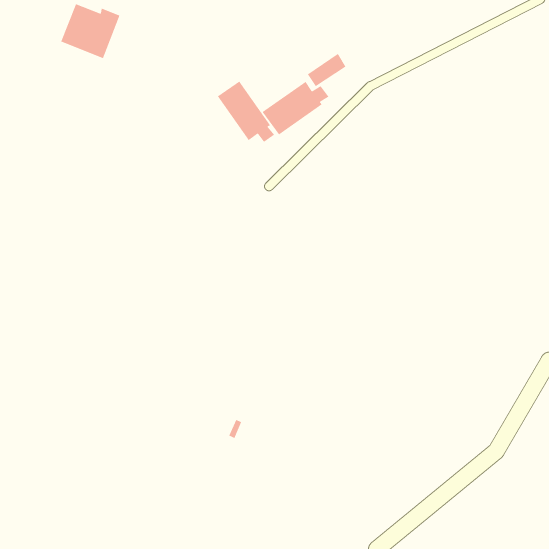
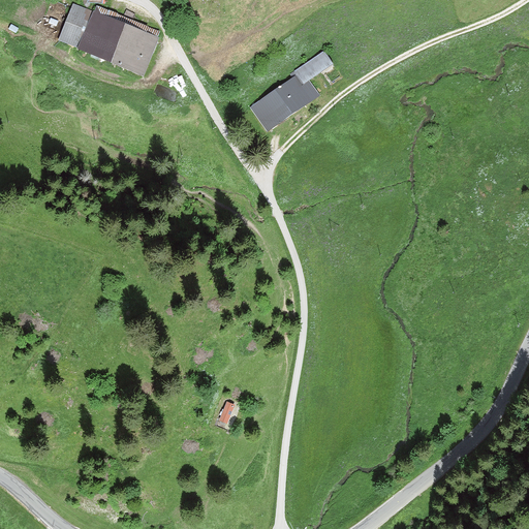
building: none -> [99,14,158,73]
building: [217,81,275,143] -> none

